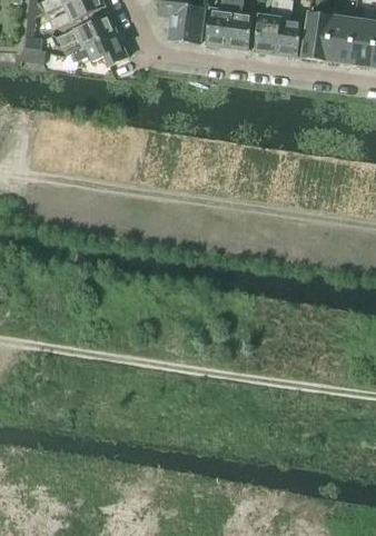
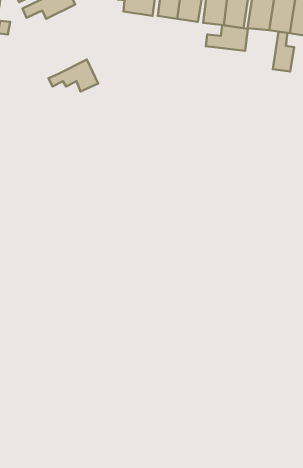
building: [73,31,127,66] -> [49,60,98,92]
building: none -> [206,25,248,51]
building: none -> [273,32,294,71]

